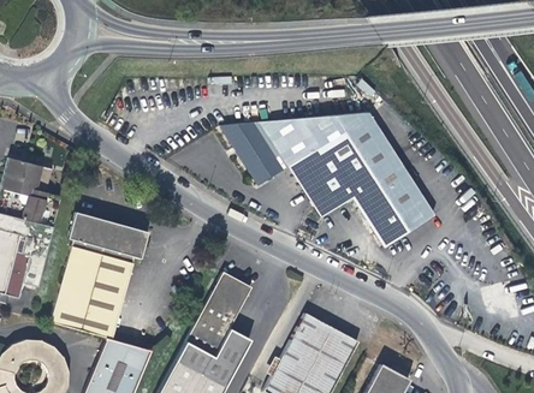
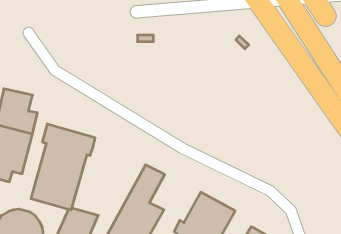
building: [219,111,434,246] -> none

